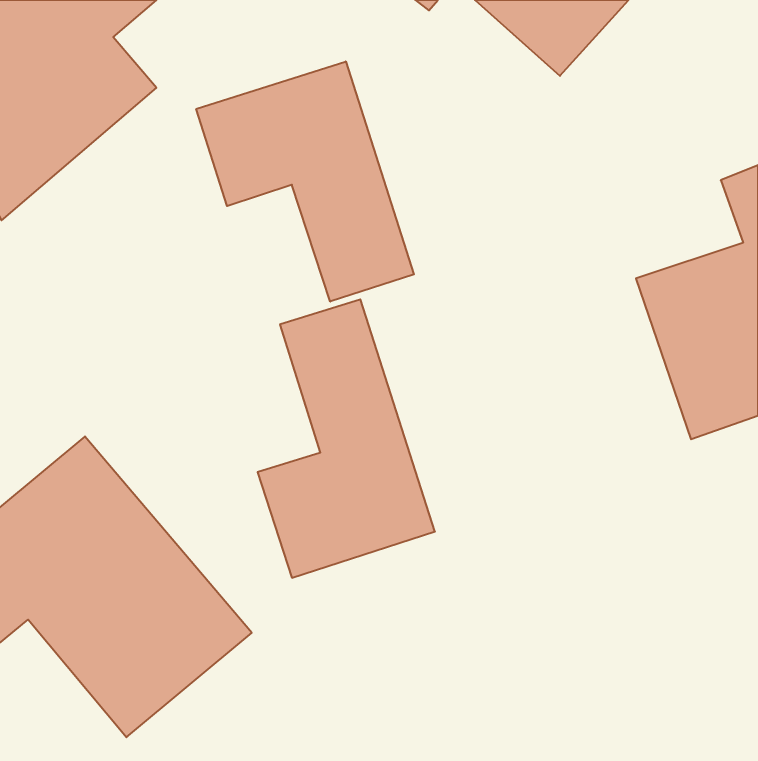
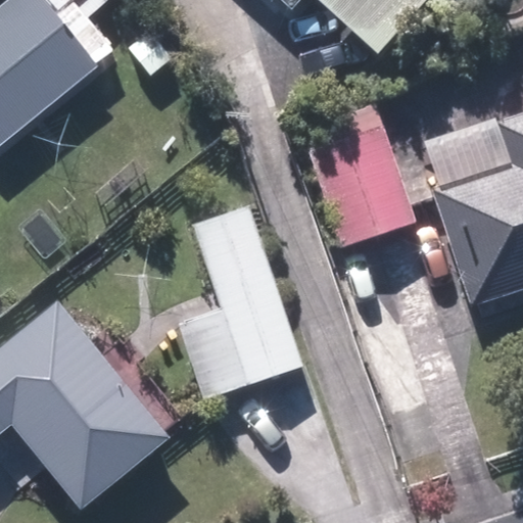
building: [196,61,414,302] -> none
building: none -> [302,116,416,249]

